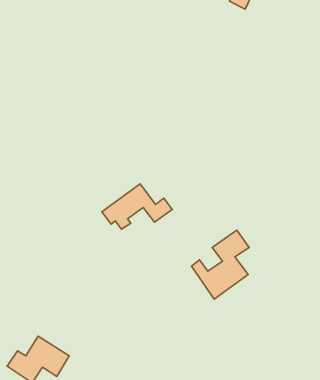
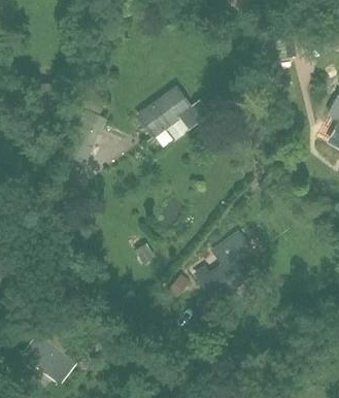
building: [102,184,172,229] -> [137,87,207,132]

